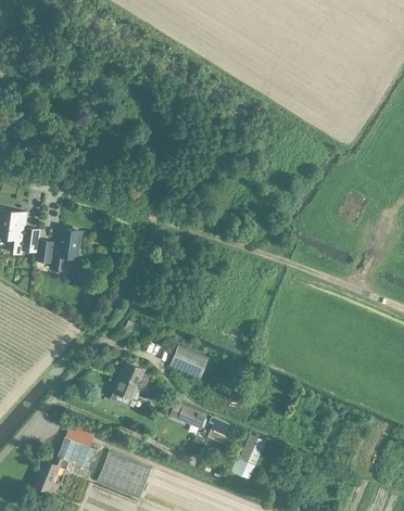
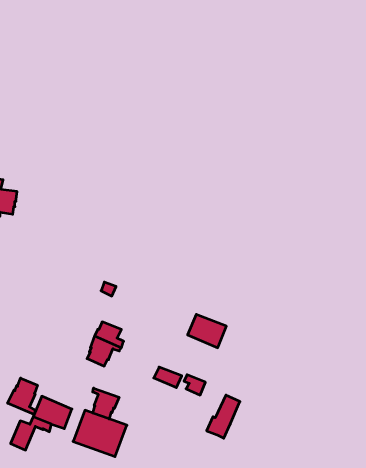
building: [36,229,79,271] -> none
building: [169,345,209,379] -> [188,314,226,348]
building: none -> [8,378,37,414]
building: none -> [93,388,119,419]

